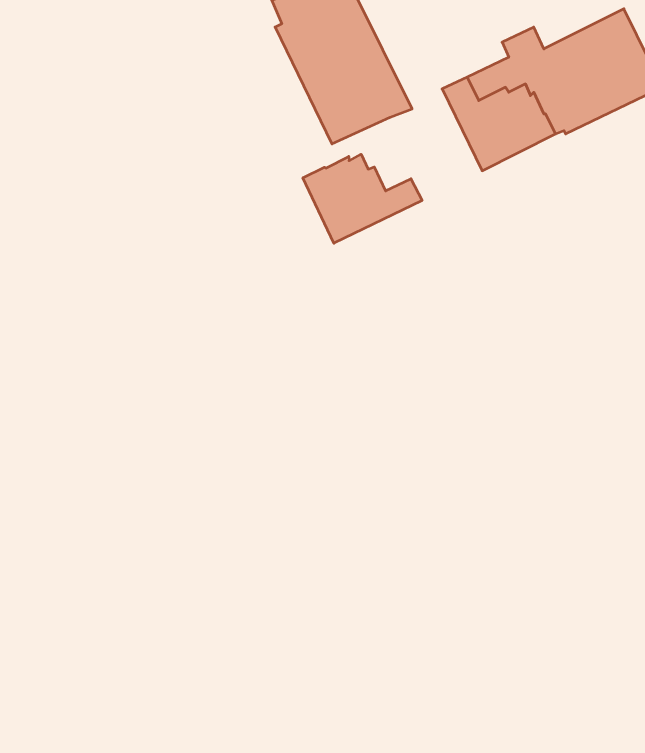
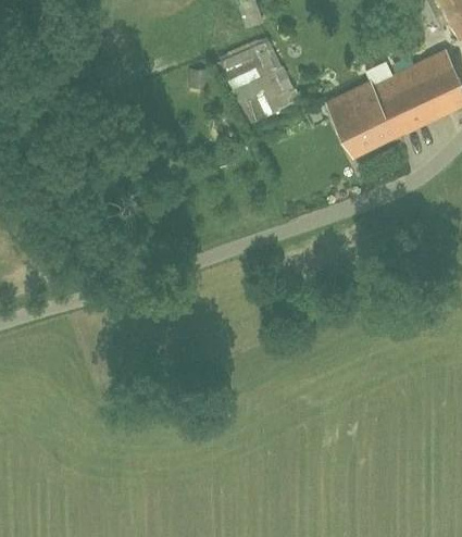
building: [303,154,422,243] -> none

